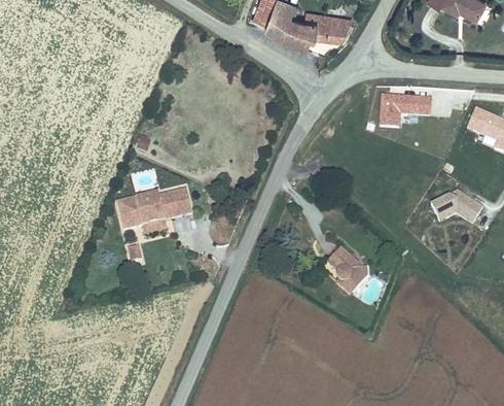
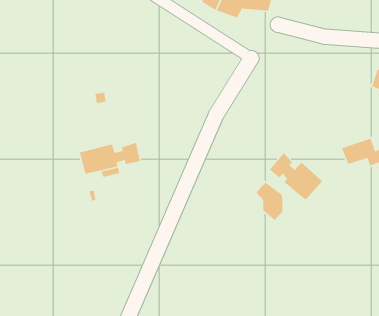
building: [379,92,431,127] -> none
building: none -> [269,152,323,201]

